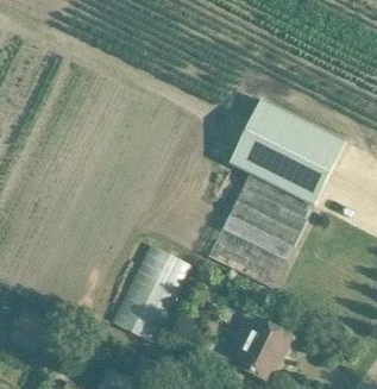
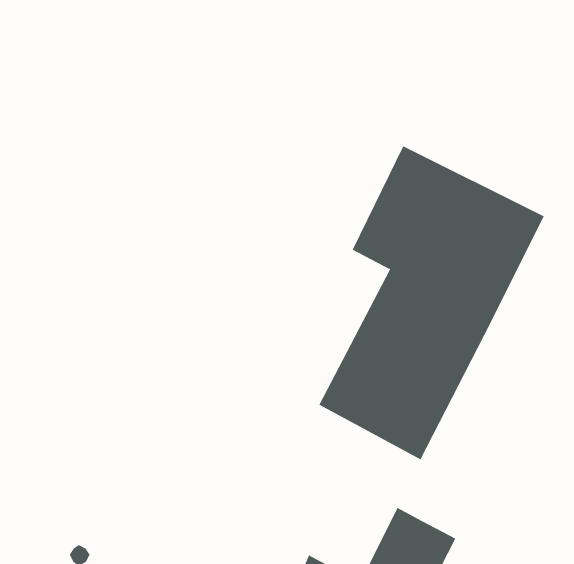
building: [108,244,190,341] -> none

